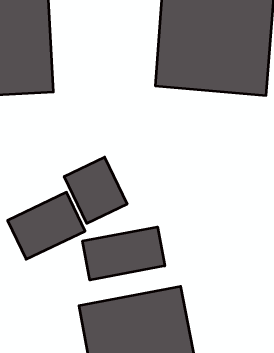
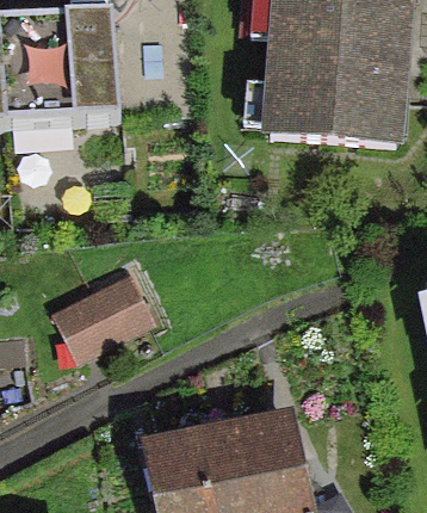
building: [64,157,127,223] -> none
building: [83,227,165,280] -> none

